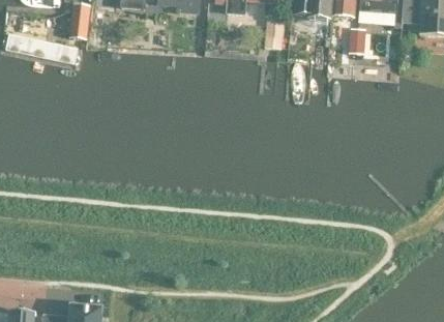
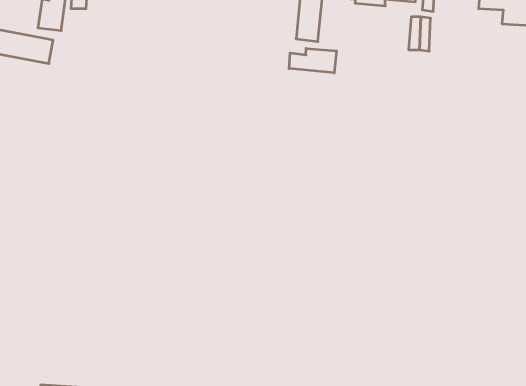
building: none -> [289,48,337,73]

